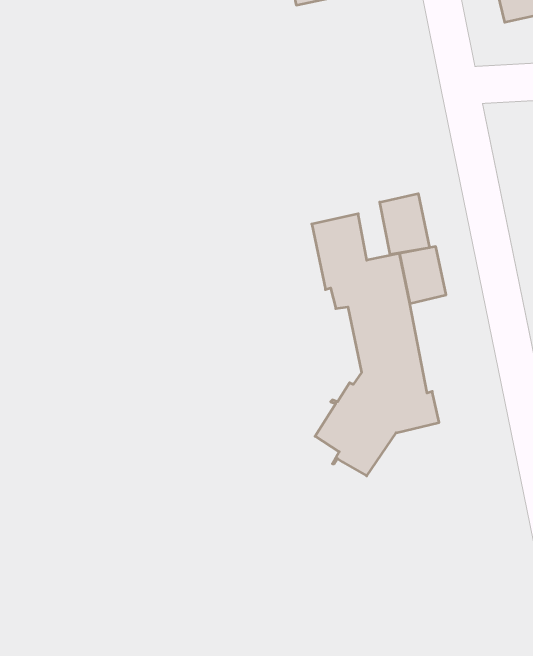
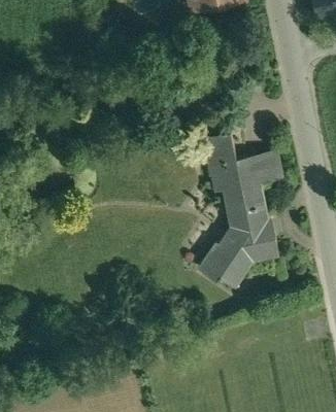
building: [380,194,429,255] -> none

